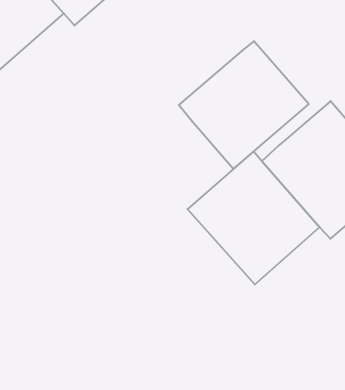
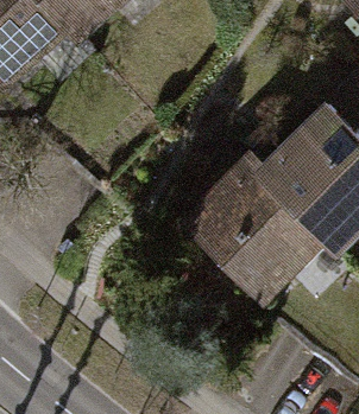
building: [179,41,309,169] -> none

